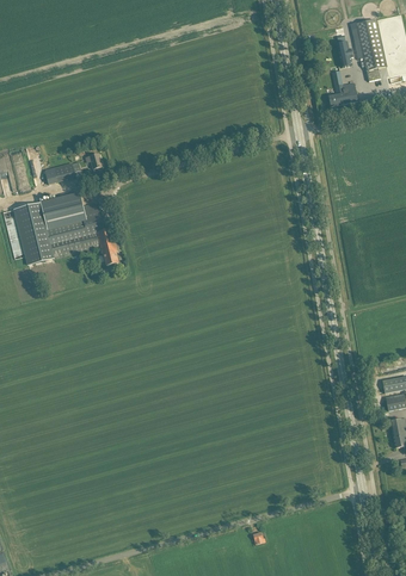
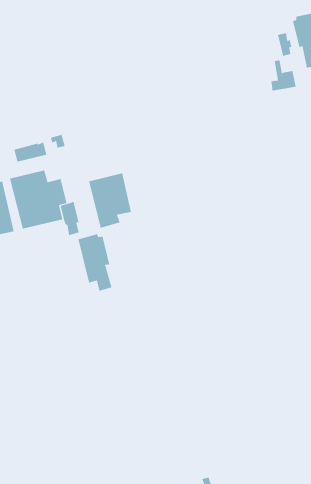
building: none -> [89,172,131,228]
building: none -> [78,234,112,291]

